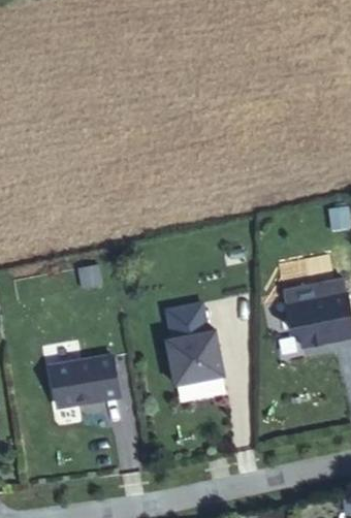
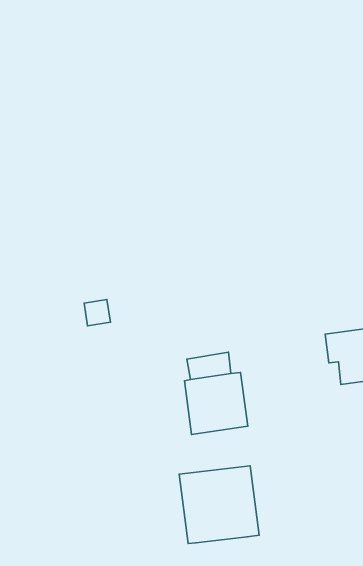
building: [50,357,117,400] -> none
building: none -> [179,466,259,543]

